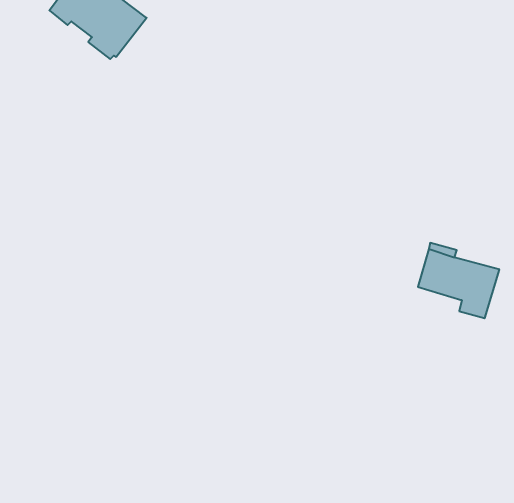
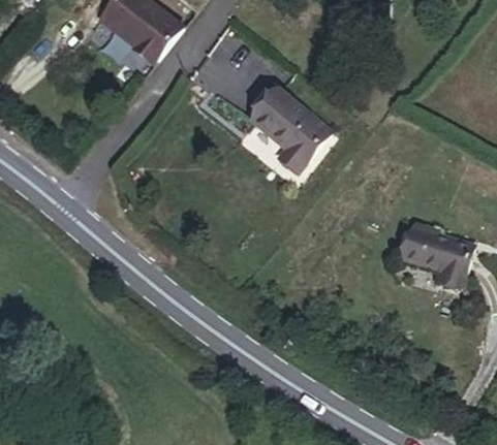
building: none -> [255,90,331,171]

